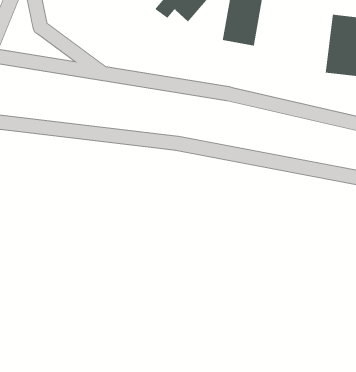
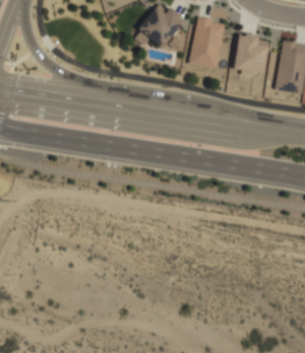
building: none -> [233,33,269,76]

